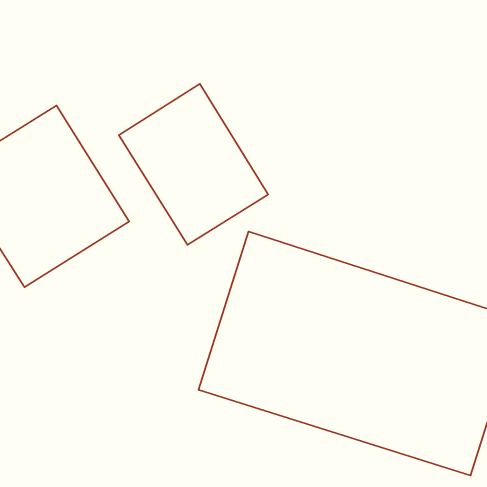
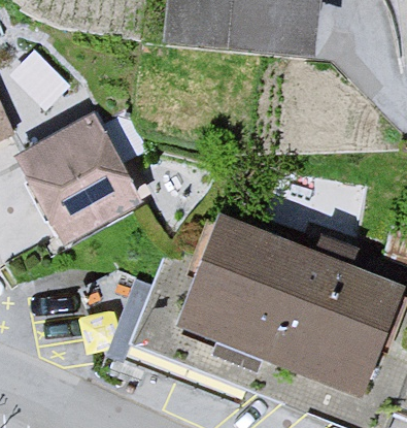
building: [119,84,268,245] -> none

